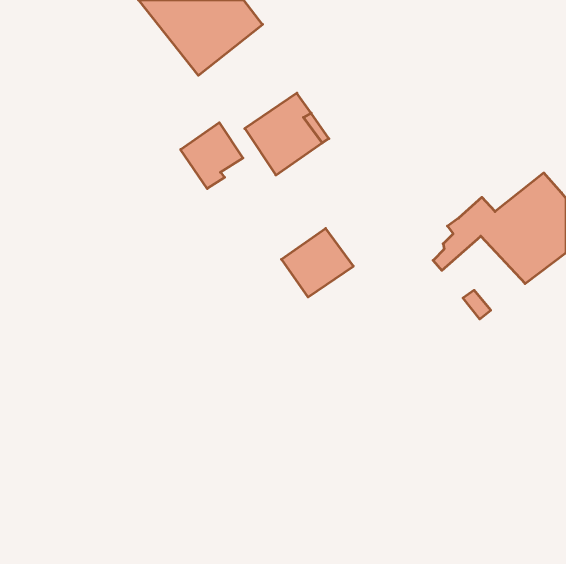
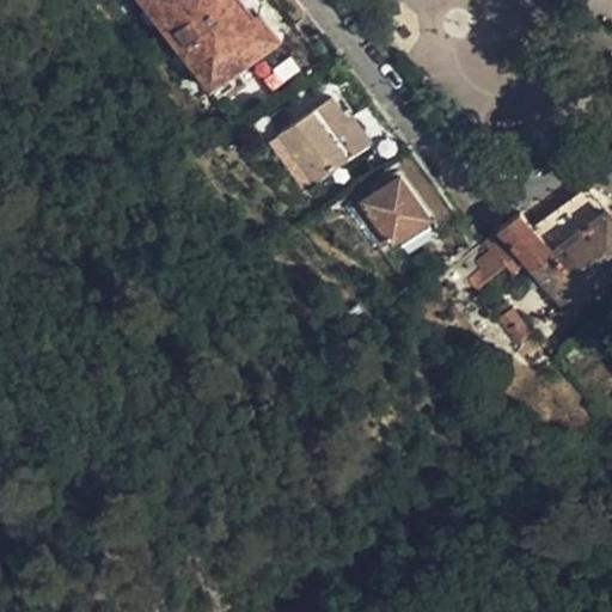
building: [181,123,243,189] -> none
building: [281,228,353,297] -> [351,178,429,252]

